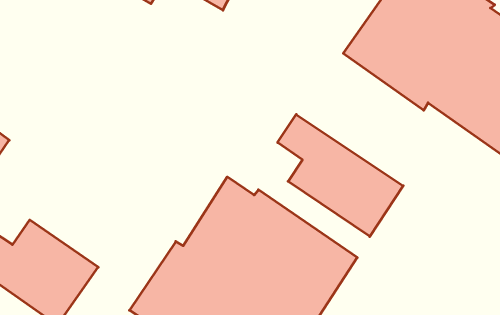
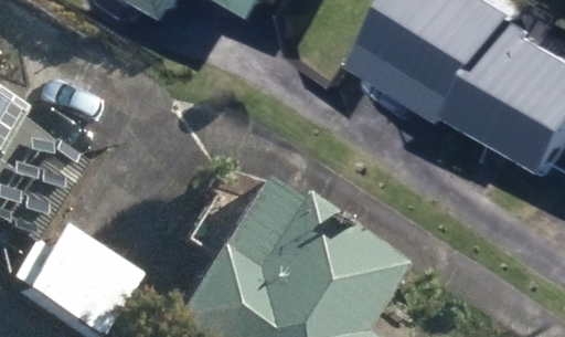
building: [278,114,403,237] -> none

